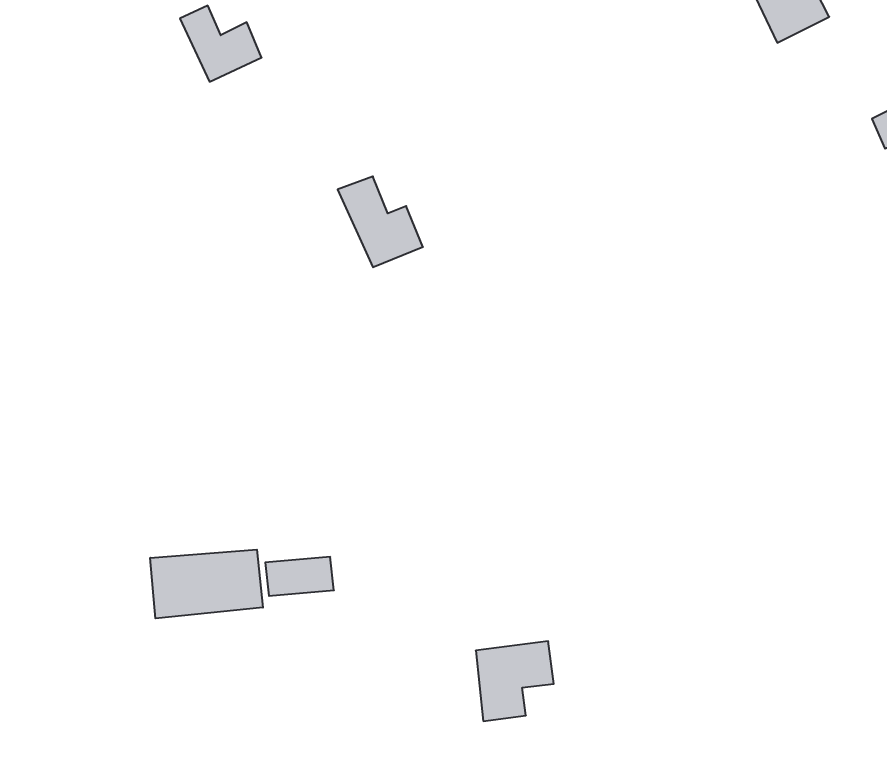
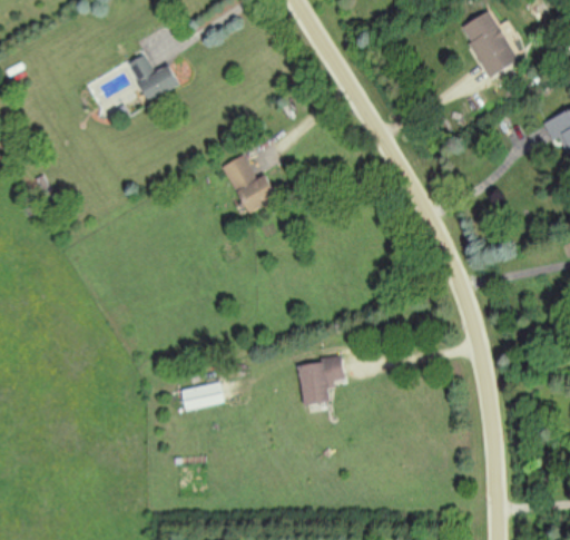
building: [150,550,263,618] -> none
building: [476,641,554,721] -> [297,357,344,405]

